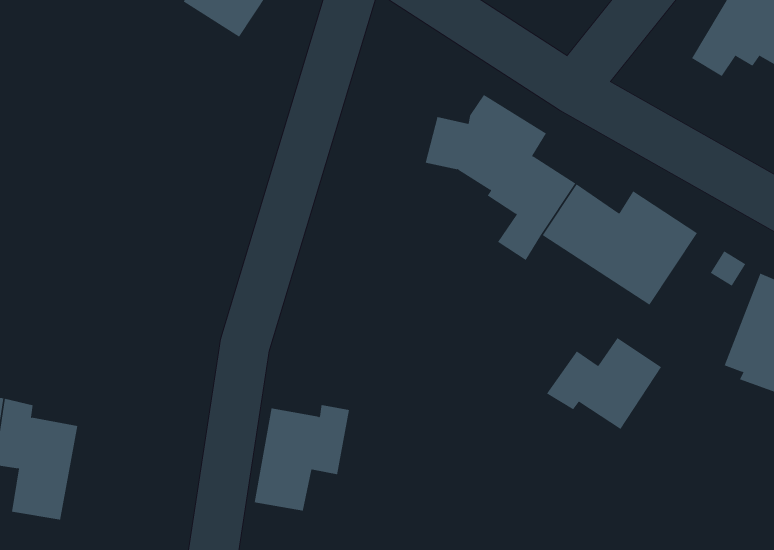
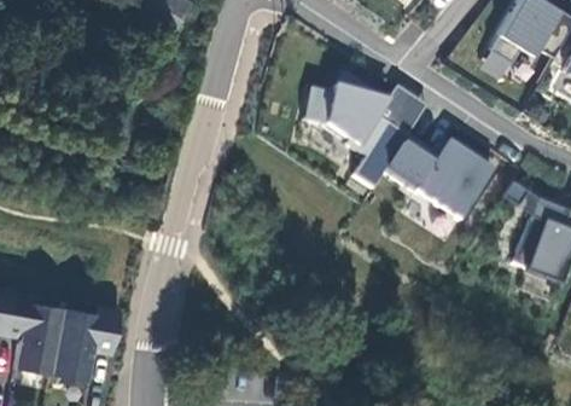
building: none -> [379,86,429,135]
building: [546,337,662,430] -> none
building: [254,405,350,511] -> [47,303,115,378]

